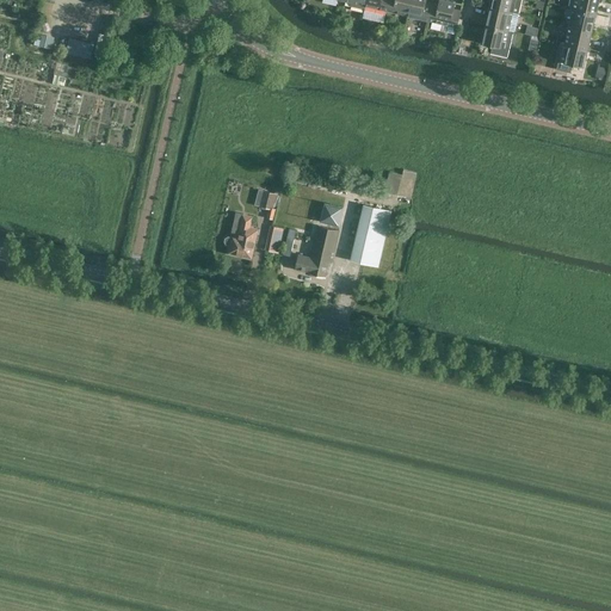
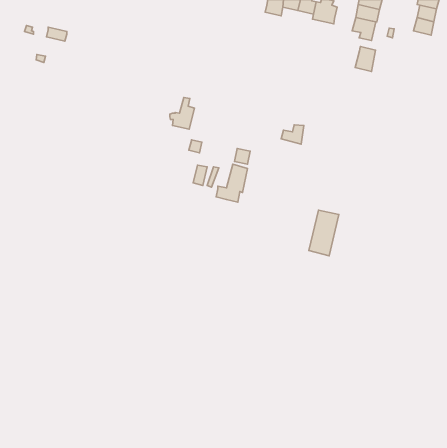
building: [555,41,586,66] -> none
building: none -> [355,46,376,72]
building: [348,203,389,265] -> [309,210,339,256]
building: [222,214,255,257] -> [170,97,194,129]

